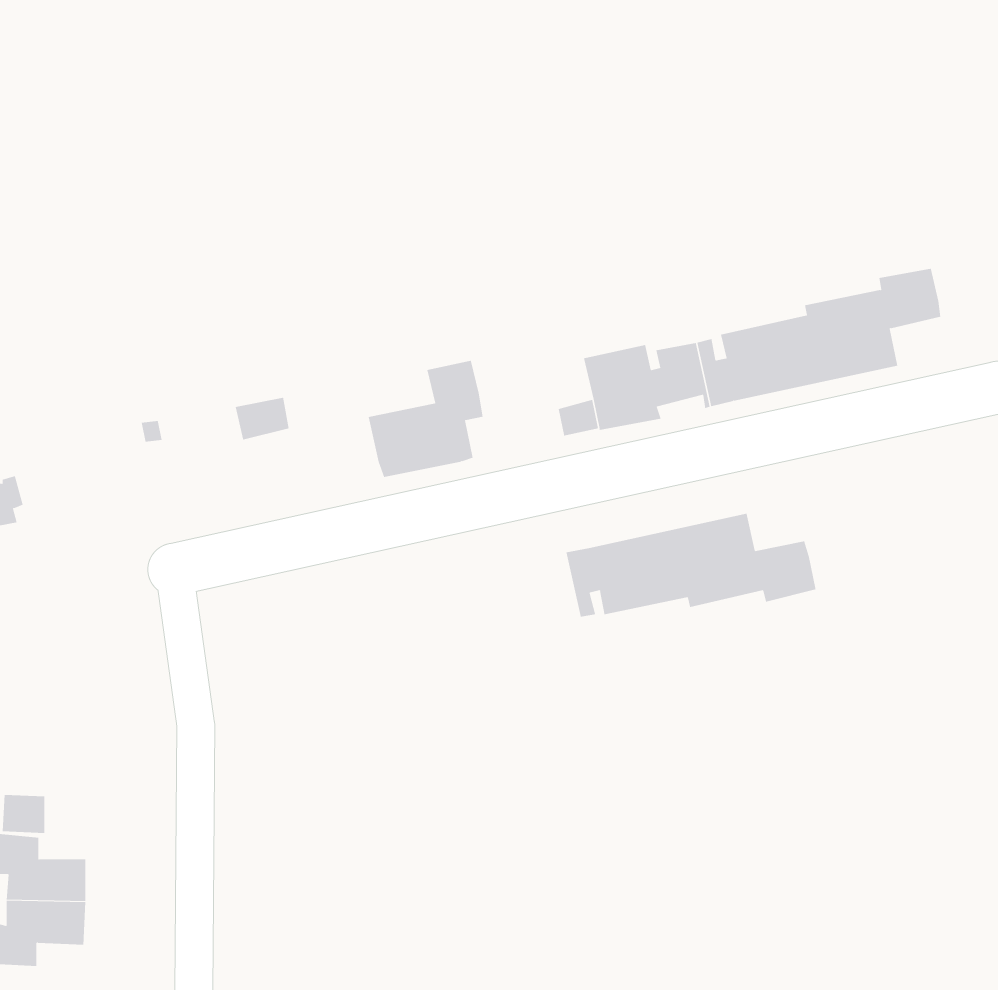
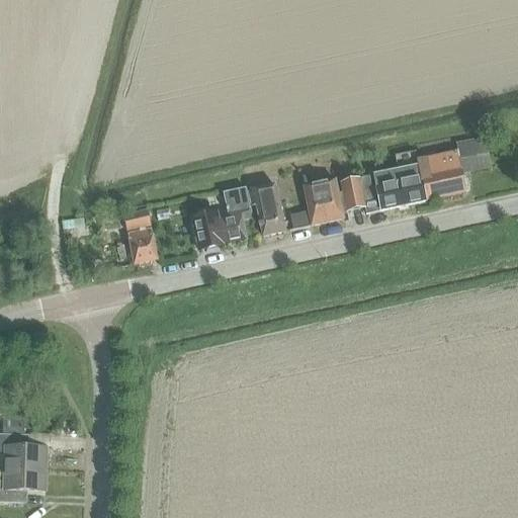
building: none -> [247,184,283,234]
building: none -> [126,227,155,262]
building: [566,513,816,617] -> none

